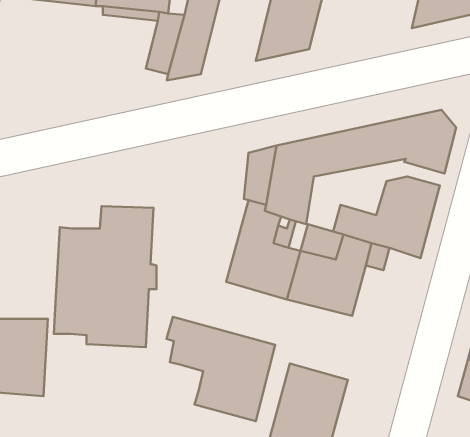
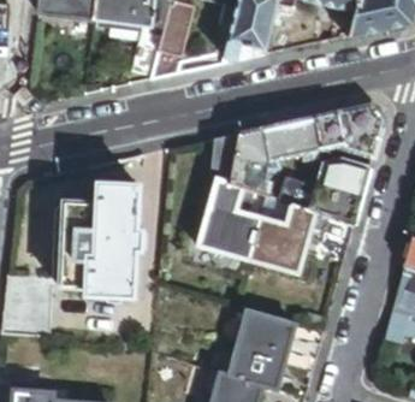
building: [166,317,275,421] -> none

